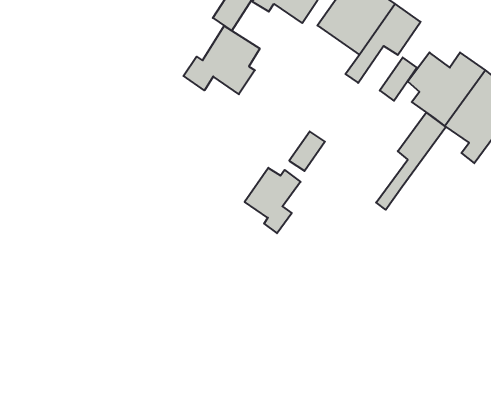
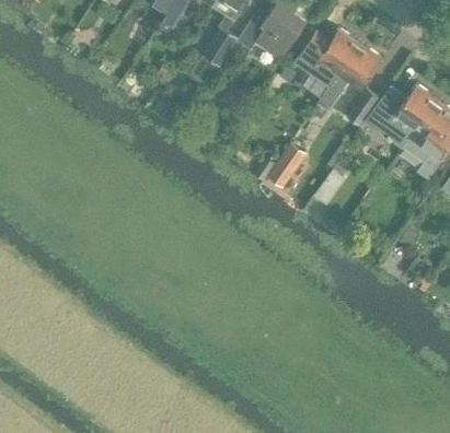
building: [183,26,260,94] -> none
building: [376,112,446,210] -> none
building: [245,168,301,233] -> none

